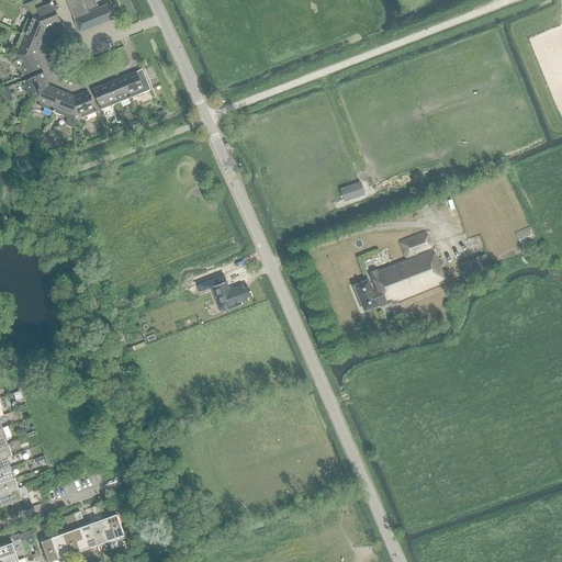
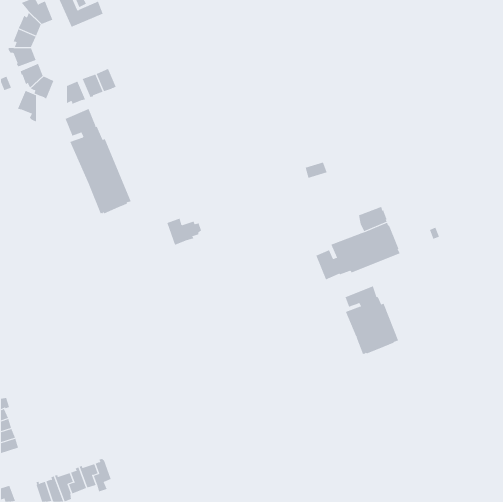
building: [122,67,151,97] -> none
building: [53,90,75,125] -> [17,90,37,122]
building: none -> [65,108,132,215]
building: [212,280,251,311] -> [166,218,202,245]
building: none -> [345,285,399,355]

